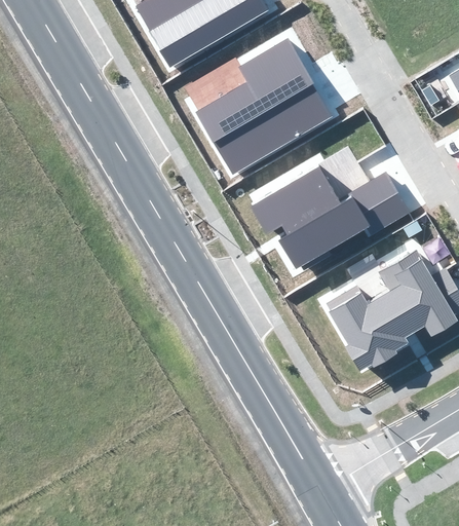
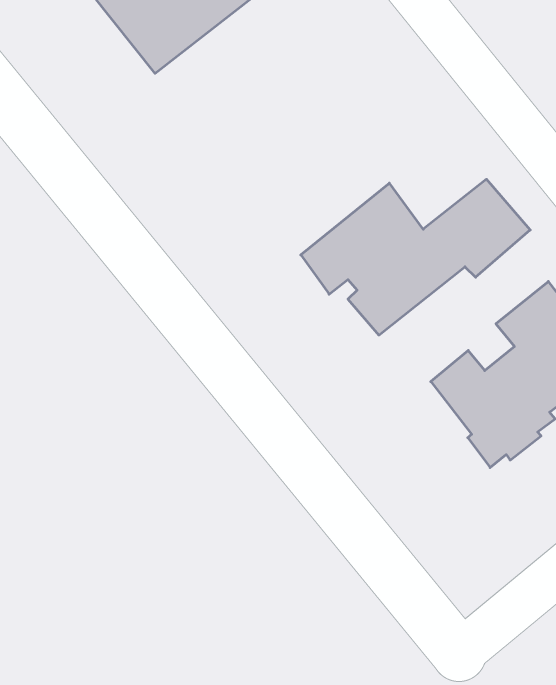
building: [195,38,334,175] -> none

